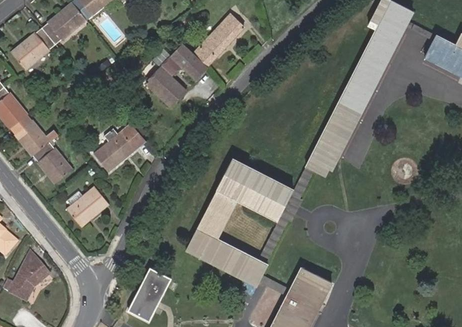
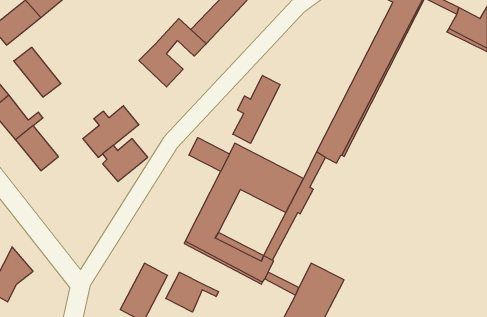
building: none -> [14,47,61,97]
building: none -> [233,75,280,143]
building: none -> [189,138,229,171]
building: [67,187,108,226] -> [103,139,148,182]
building: none -> [166,272,218,312]

